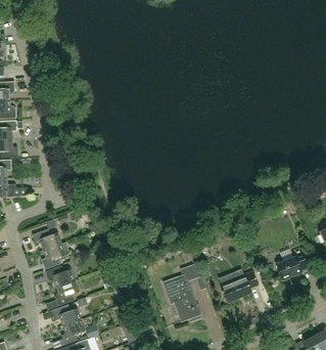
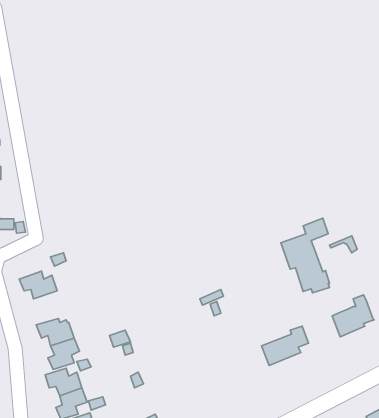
building: [41,244,69,270] -> none
building: [164,264,201,322] -> [281,218,329,293]

